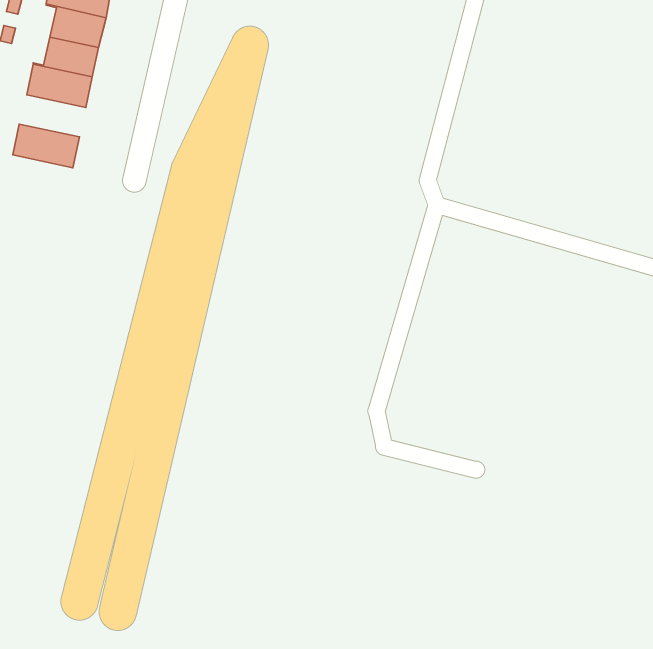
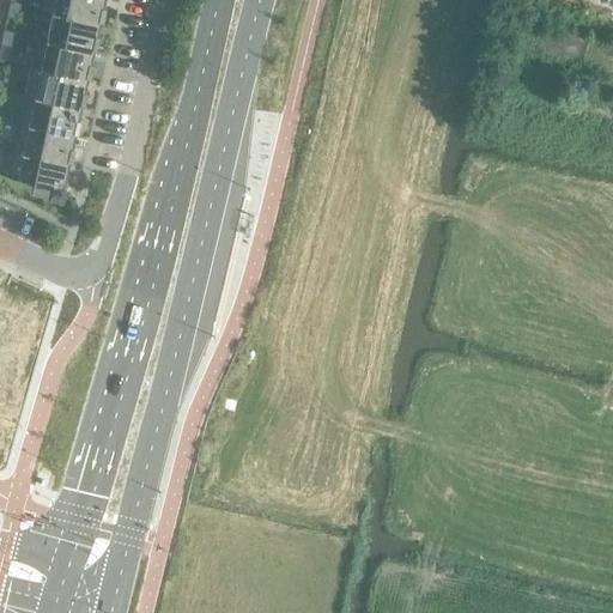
building: none -> [19,89,81,128]
building: none -> [8,145,69,190]

